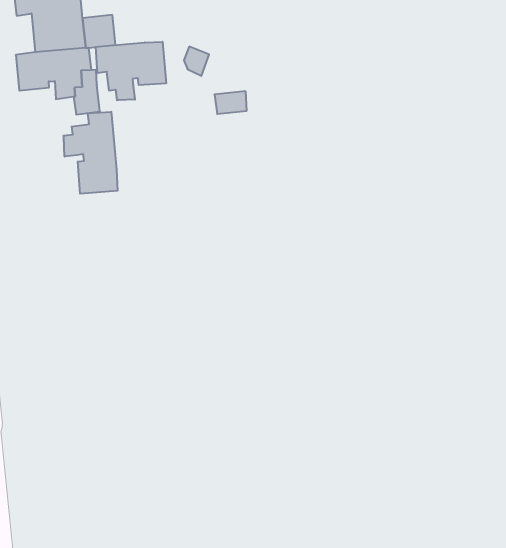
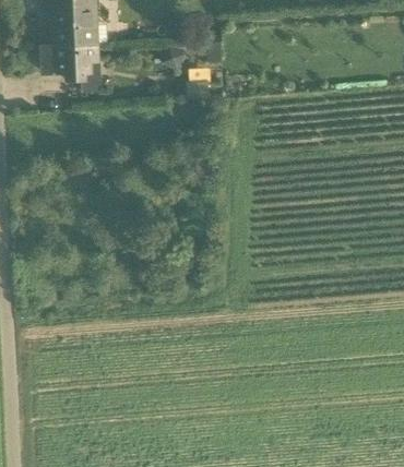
building: [96,42,166,100] -> none
building: [64,112,118,194] -> none

